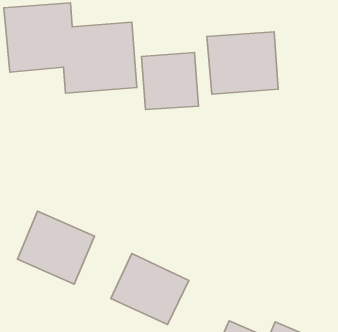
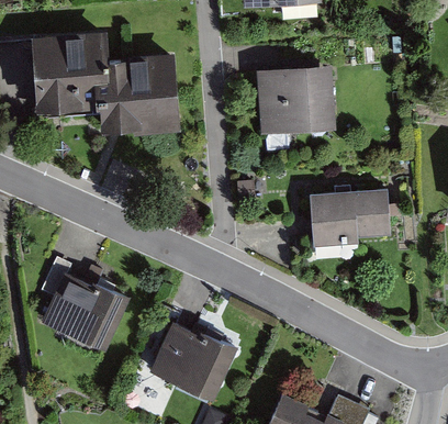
building: [142,53,198,110] -> none
building: none -> [310,186,396,247]

